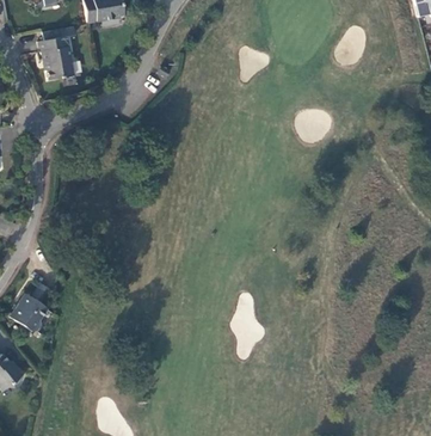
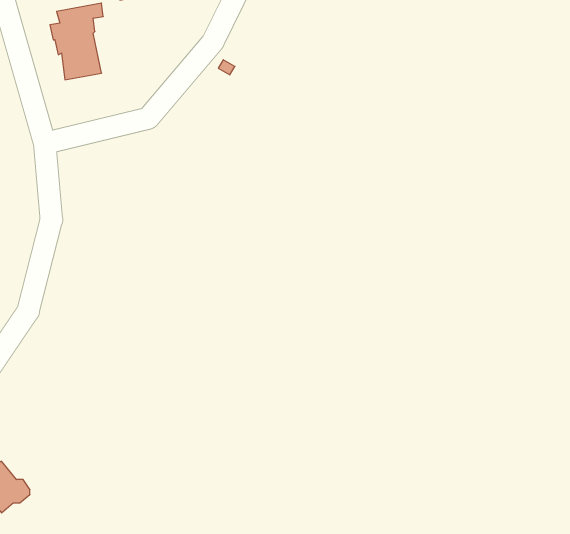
building: [10,282,51,331] -> none

